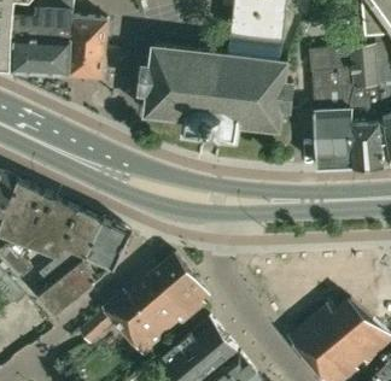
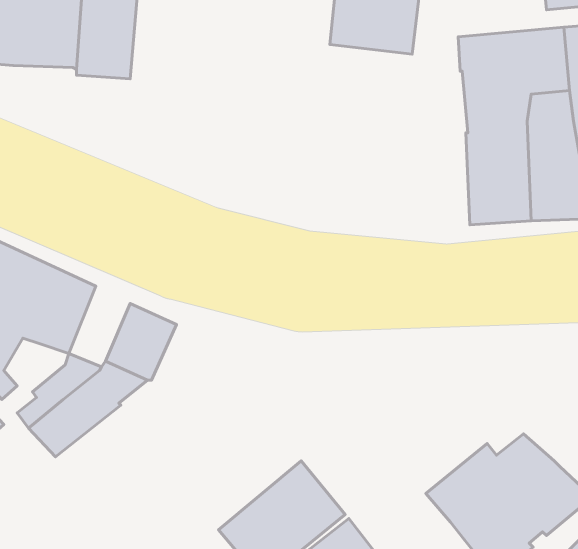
building: [140,46,291,130] -> none
building: [63,207,101,258] -> none
building: [78,254,208,357] -> none

